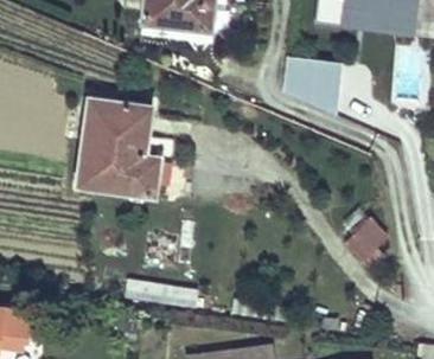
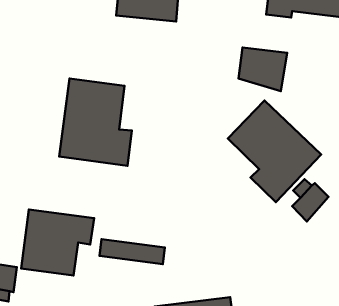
building: none -> [228,100,321,202]
building: none -> [21,210,94,276]

